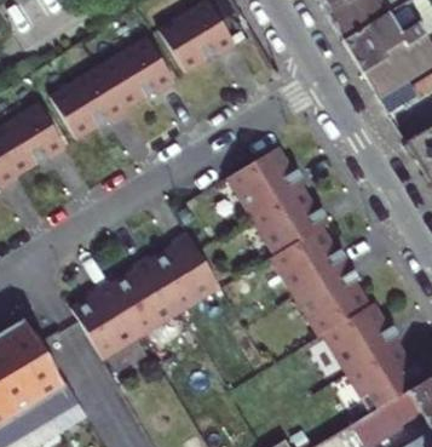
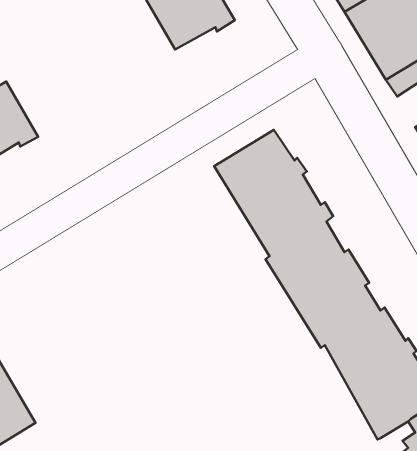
building: [57,35,184,138] -> none
building: [69,233,220,359] -> none

